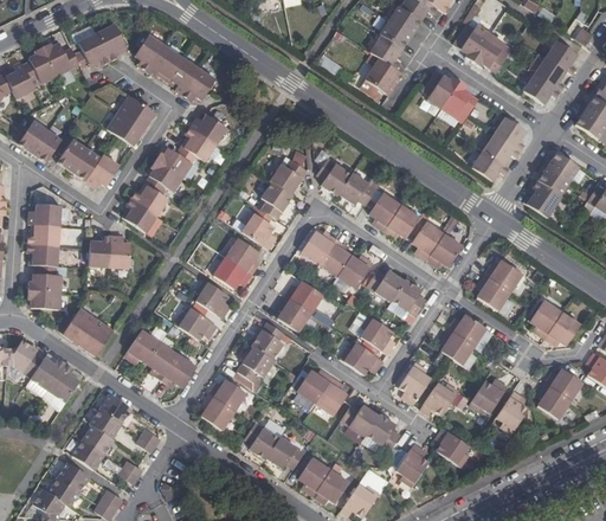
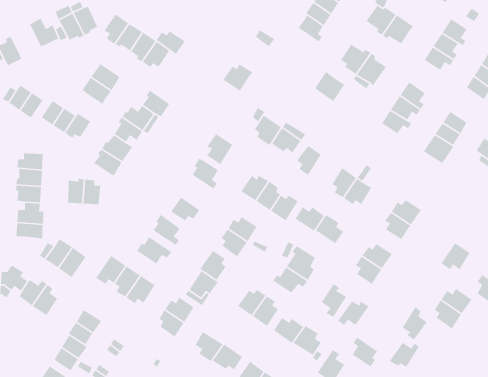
building: [24,47,58,83] -> none
building: [366,58,404,96] -> [314,71,345,102]
building: [191,115,227,144] -> [156,30,186,55]
building: [270,159,308,193] -> [223,63,254,92]
building: [383,206,419,239] -> none
building: [228,238,260,274] -> none
building: [529,300,562,339] -> none
building: [469,380,507,412] -> [389,342,420,368]

